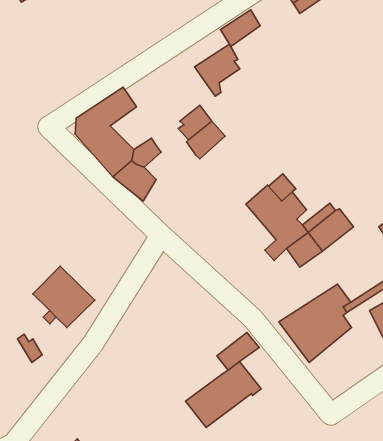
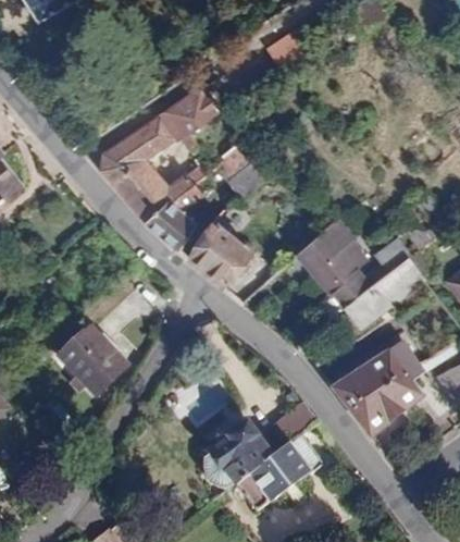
building: [195,44,240,96] -> [165,86,217,146]
building: none -> [191,220,253,284]
building: none -> [210,418,272,479]

